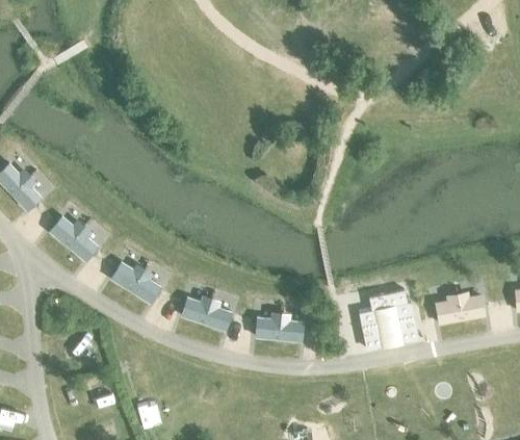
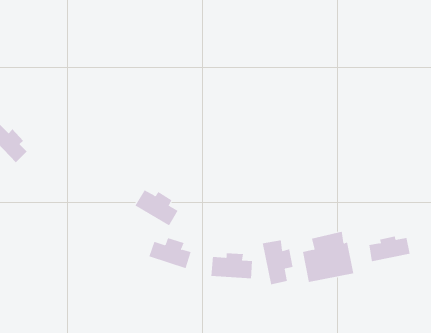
building: [50,217,100,263] -> none
building: [110,261,161,304] -> [134,189,178,226]
building: none -> [262,239,293,285]

